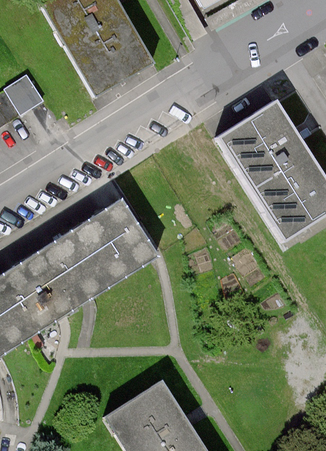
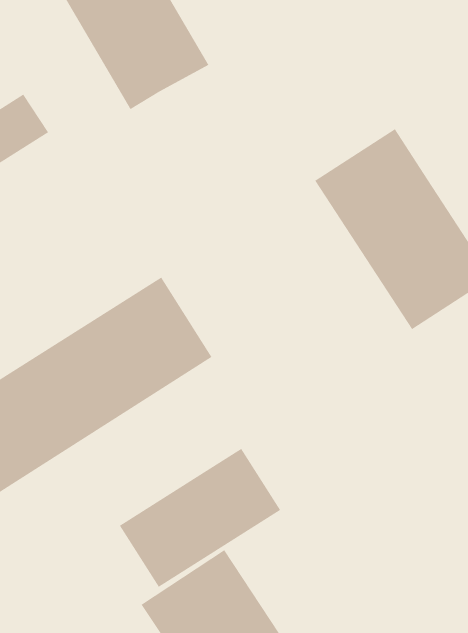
building: none -> [119,448,281,588]

